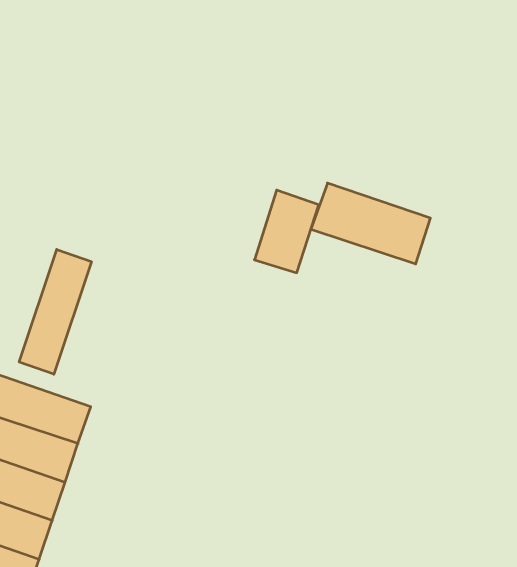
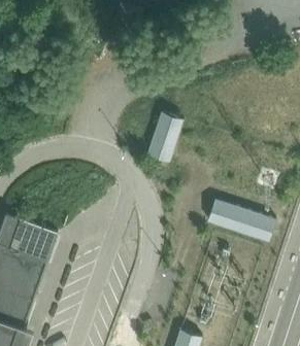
building: [311,183,430,264] -> [206,198,273,243]
building: [19,249,91,374] -> none

